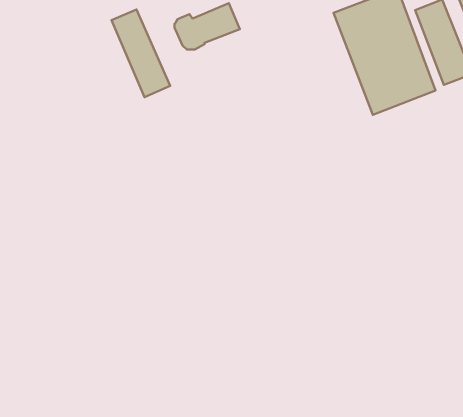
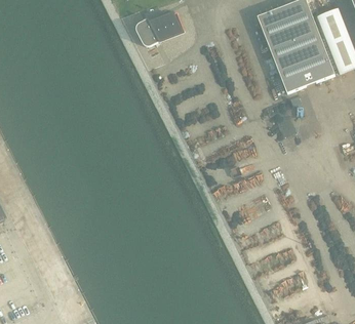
building: [111,9,170,97] -> none

